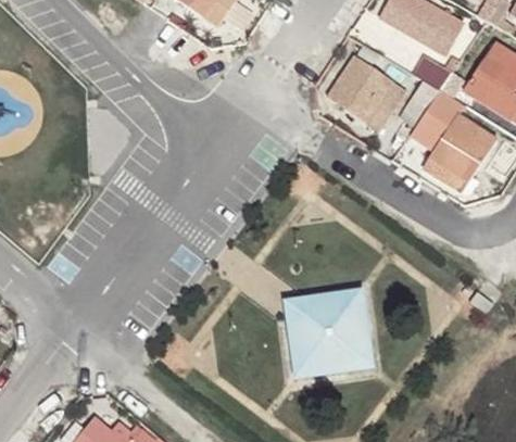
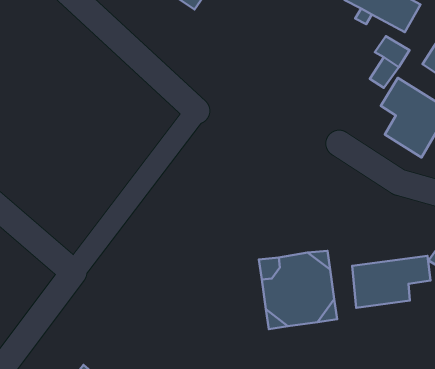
building: [326,55,403,130] -> none
building: none -> [352,256,431,308]

